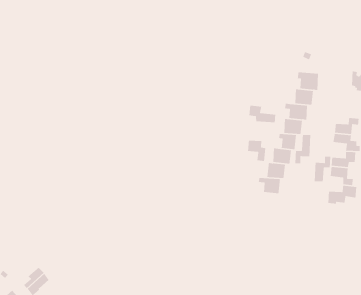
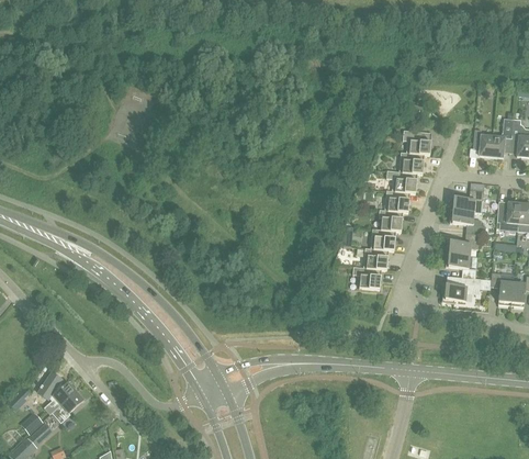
building: [245,104,276,123] -> none
building: [294,134,311,164] -> none
building: [247,140,268,162] -> none
building: [314,156,331,182] -> none

